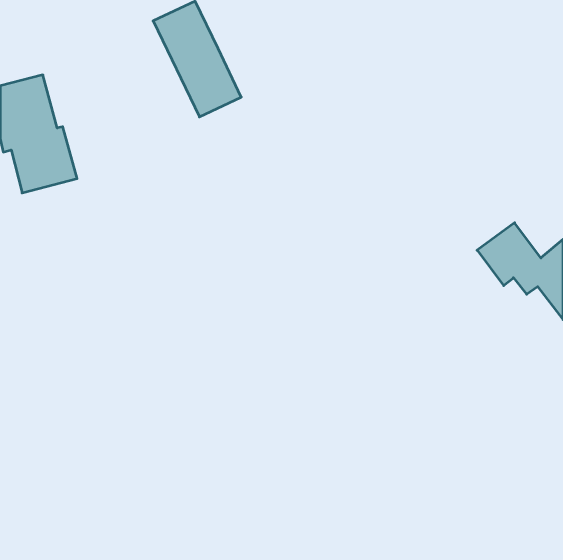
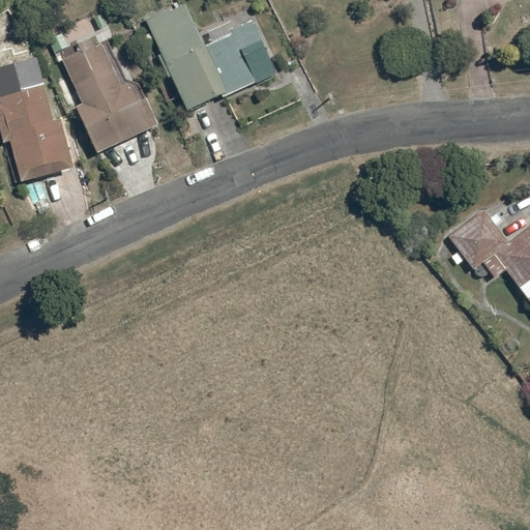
building: none -> [205,18,275,91]
building: none -> [62,35,157,154]

